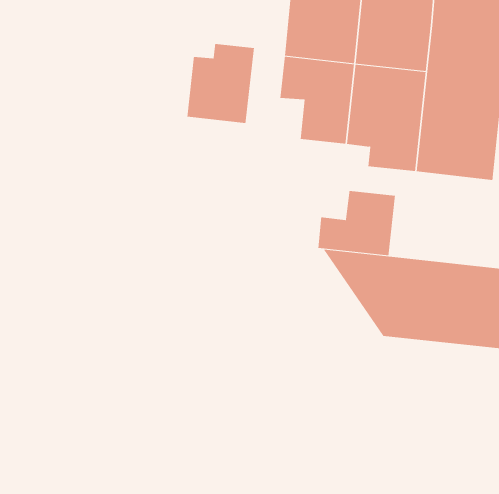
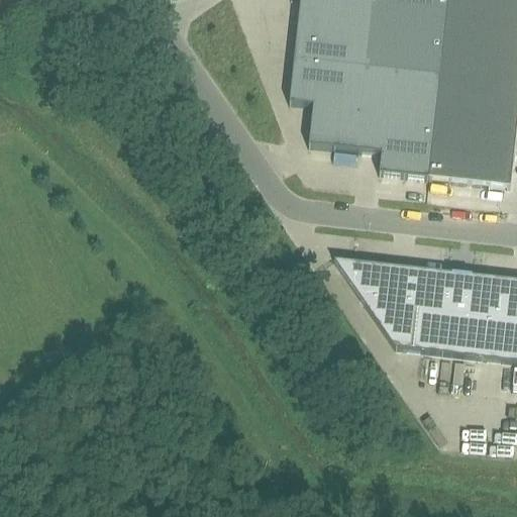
building: [187,43,254,124] -> none
building: [318,190,395,256] -> none

